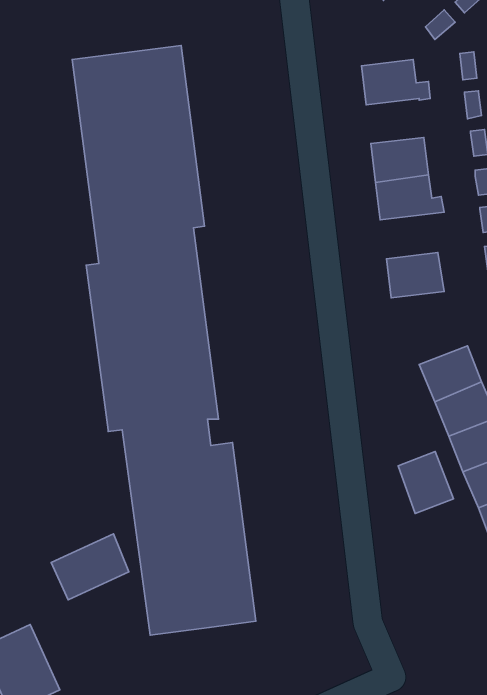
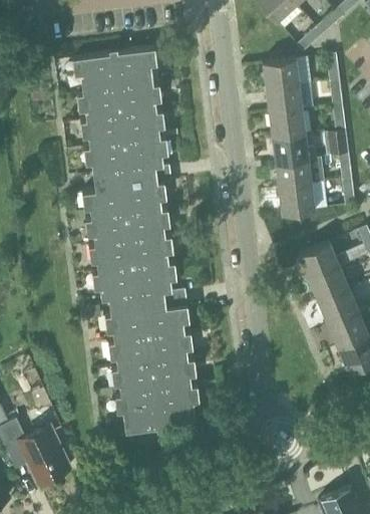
building: none -> [267,86,304,115]
building: none -> [276,160,317,190]
building: [398,452,453,514] -> none
building: [51,534,129,600] -> none

